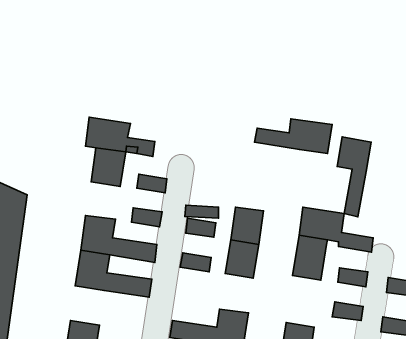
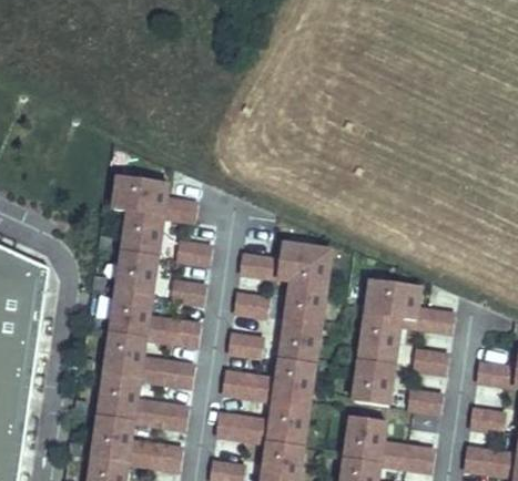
building: [254,119,332,153] -> [238,243,331,284]
building: [337,137,371,217] -> none
building: none -> [114,249,155,294]
building: none -> [221,358,313,405]
building: none -> [354,360,393,406]
building: none -> [97,372,186,428]

